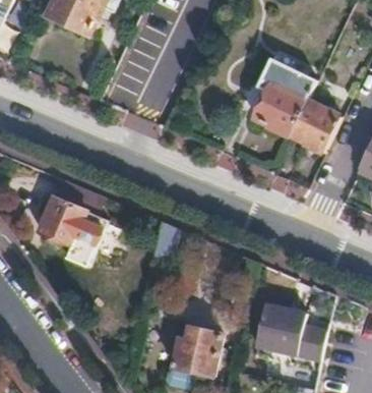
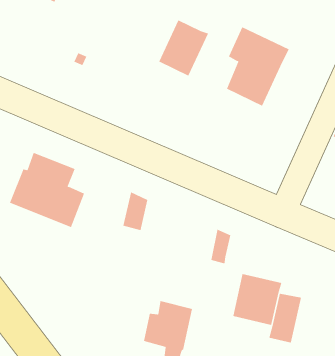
building: none -> [158,19,209,77]
building: [290,93,340,154] -> none

